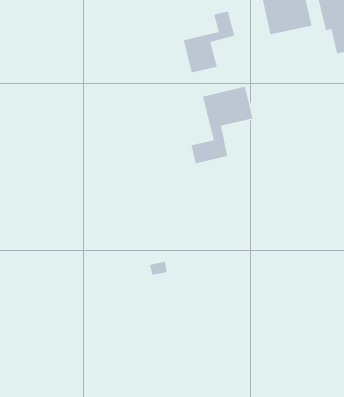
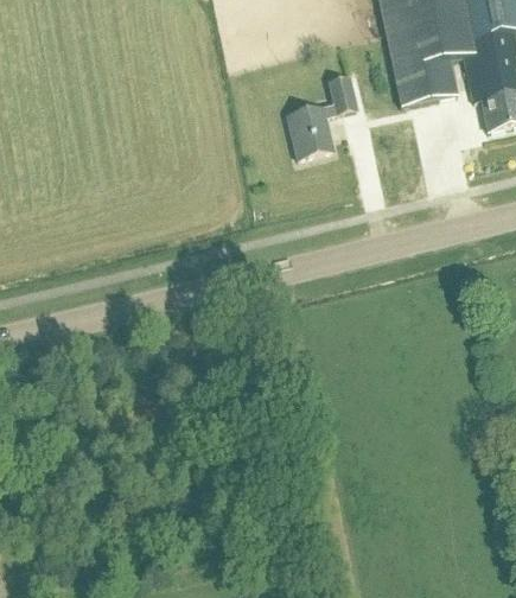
building: [190,86,254,164] -> none

